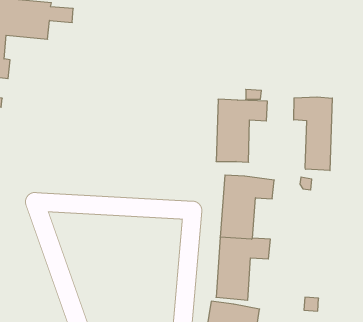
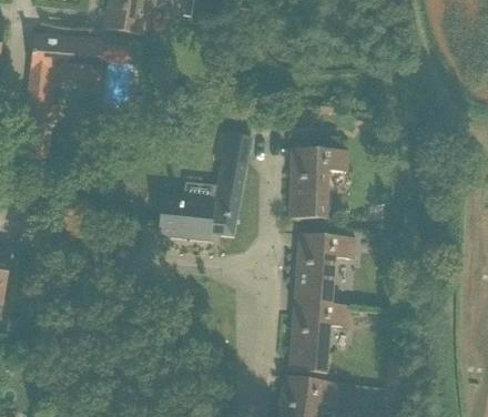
building: none -> [157,132,251,240]
building: [294,97,332,171] -> none

